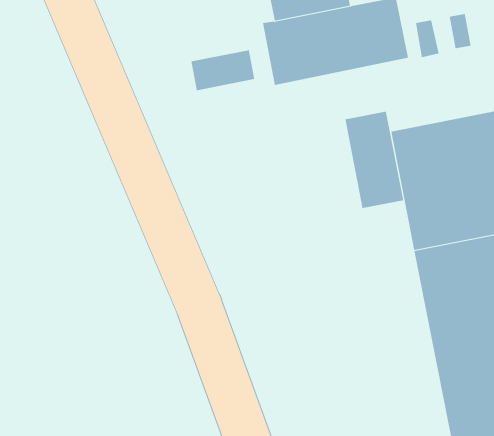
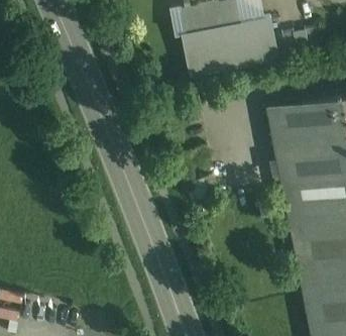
building: [191,50,255,91] -> none
building: [345,111,404,209] -> none

